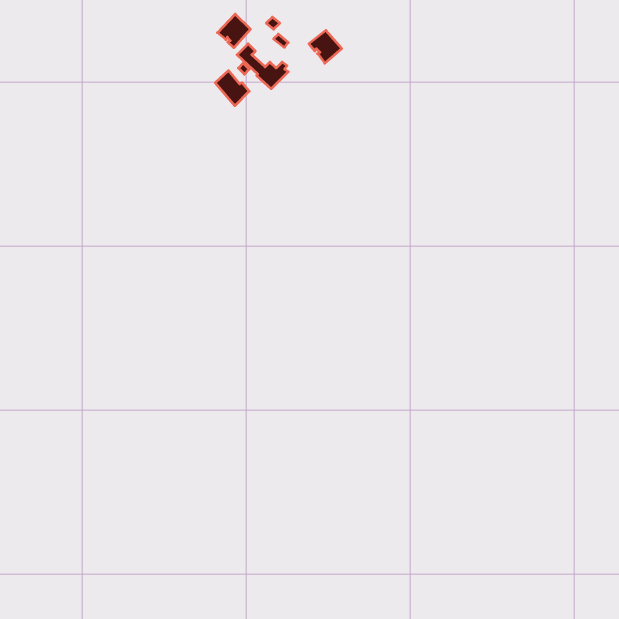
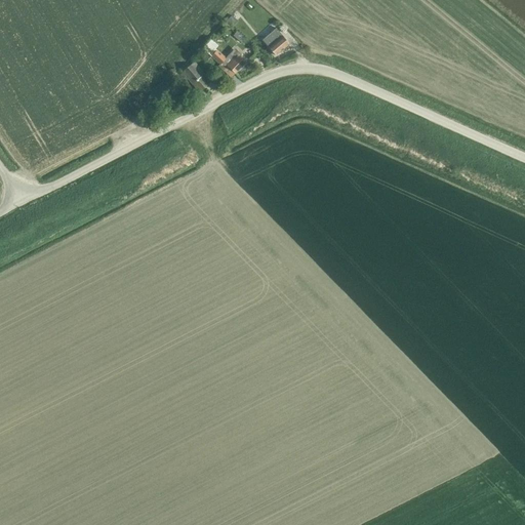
building: [217,14,250,48] -> none

